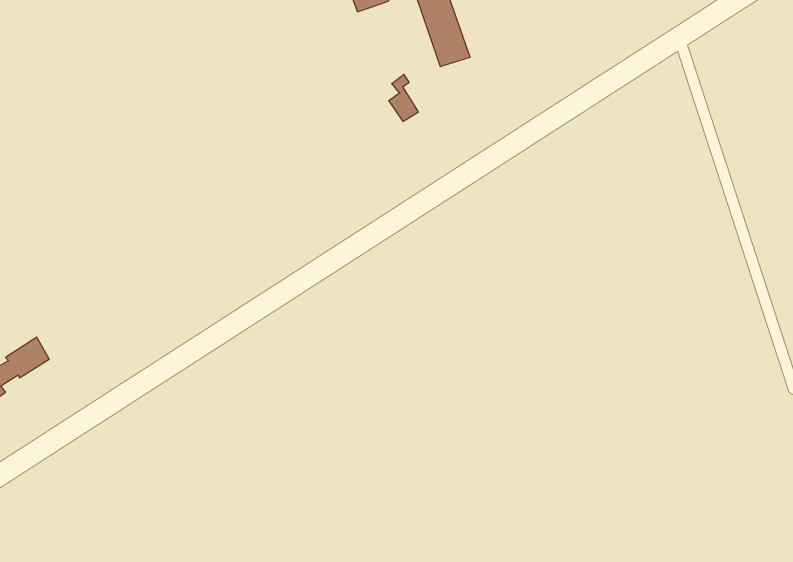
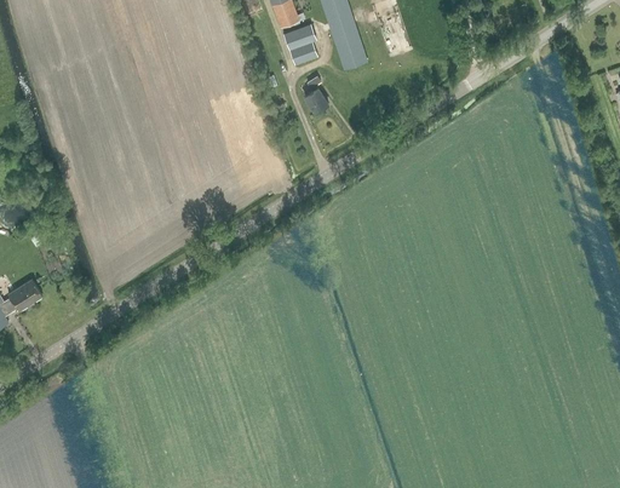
building: none -> [283,24,317,65]

